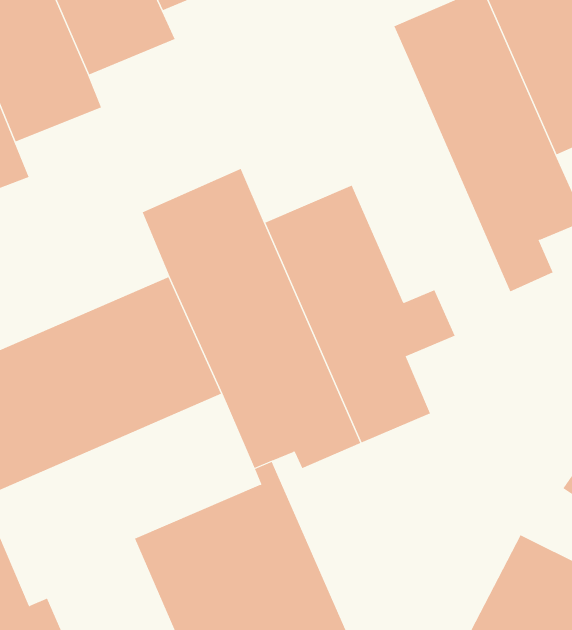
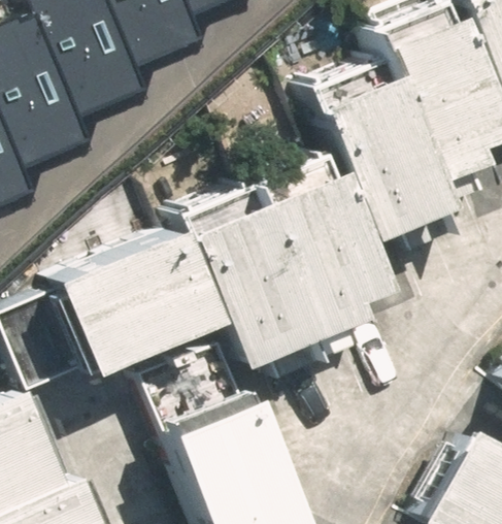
building: none -> [269,61,425,260]

